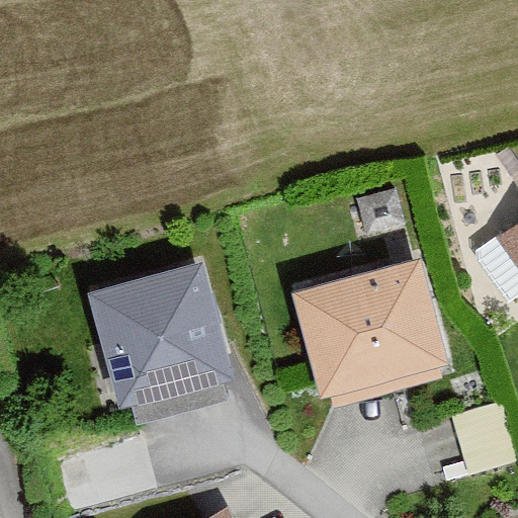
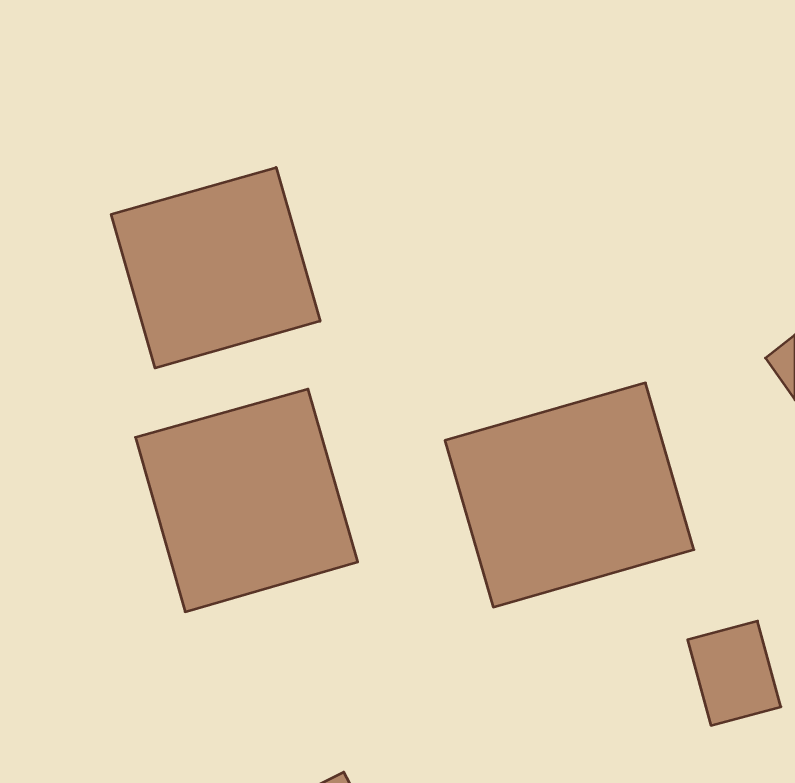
building: none -> [111,167,320,368]

